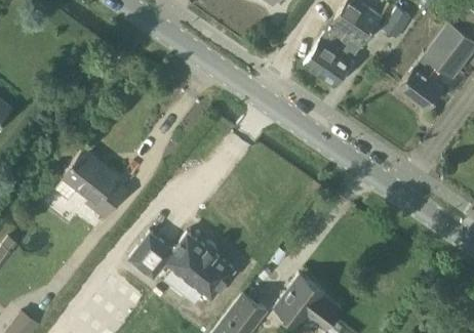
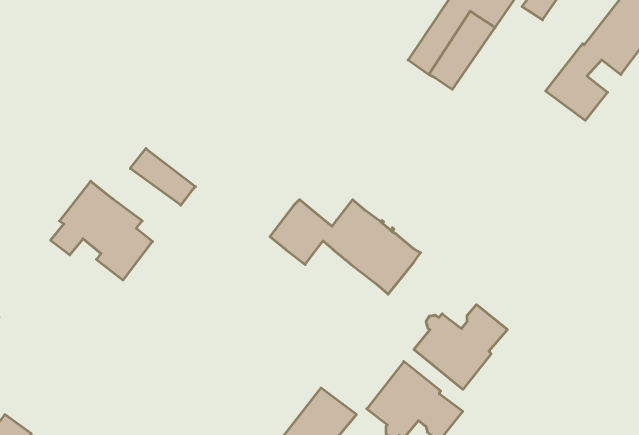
building: none -> [130,148,196,205]
building: [130,233,235,298] -> [270,200,421,294]
building: none -> [414,305,507,389]

